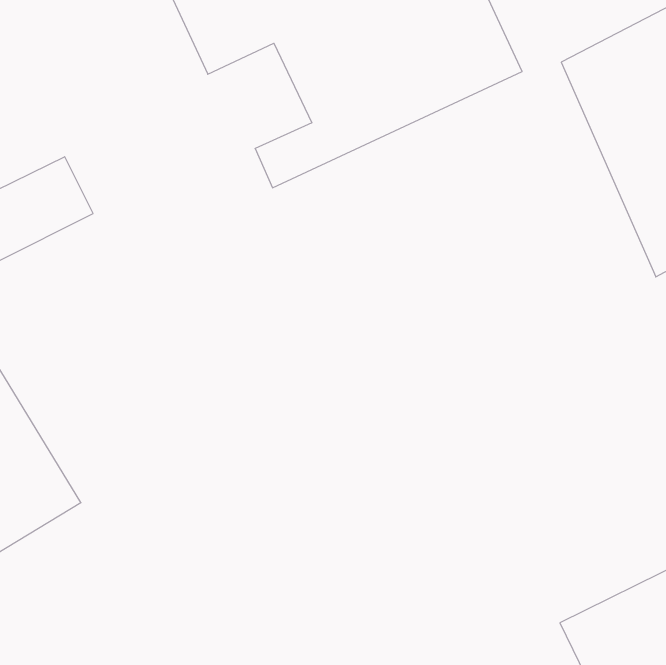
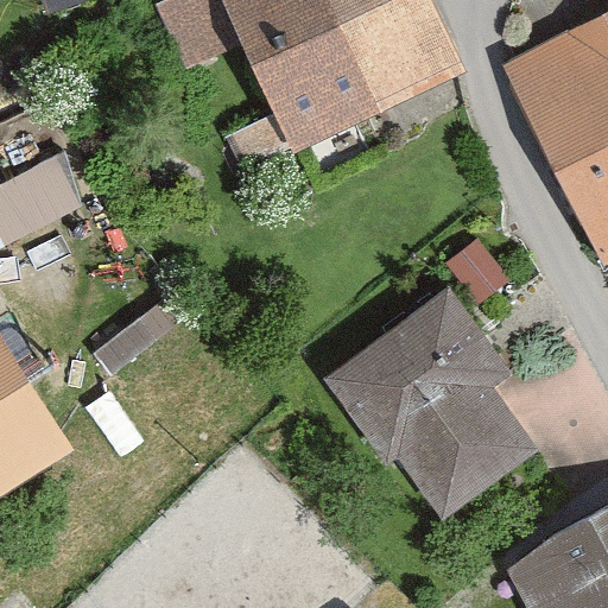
building: none -> [327,281,534,518]

